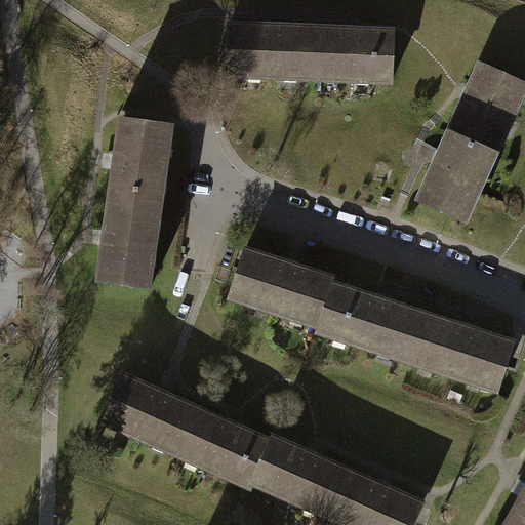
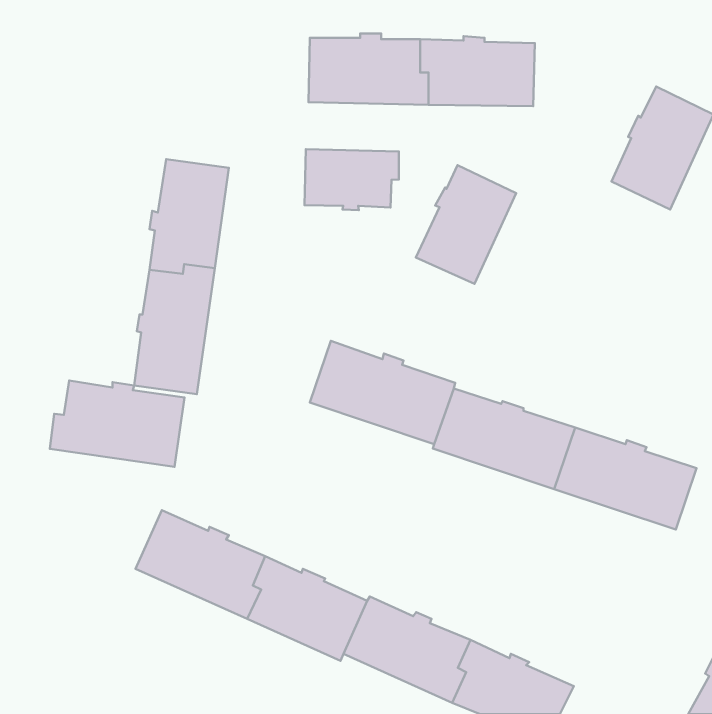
building: none -> [305,149,399,210]
building: [419,133,493,220] -> [416,165,516,284]
building: none -> [50,380,184,467]

